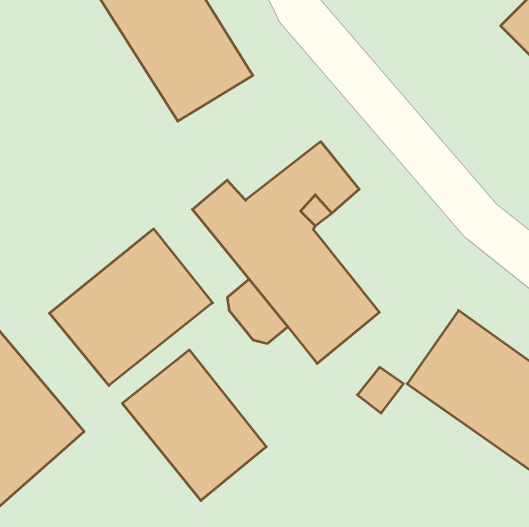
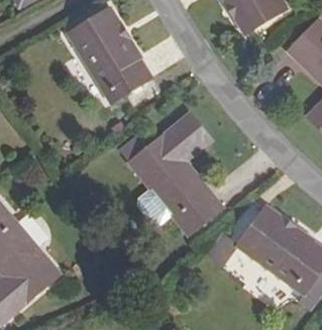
building: [49,229,213,386] -> none
building: [122,350,266,501] -> none

